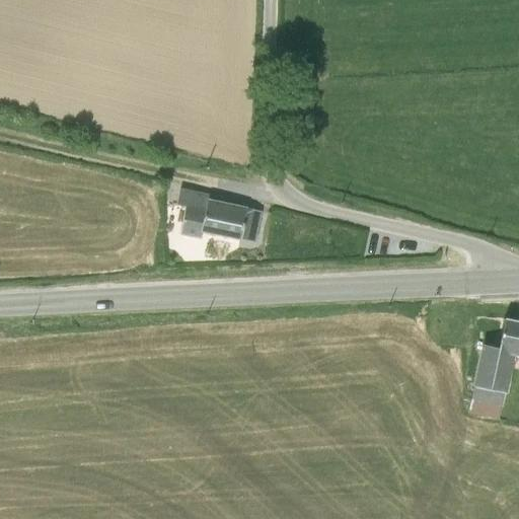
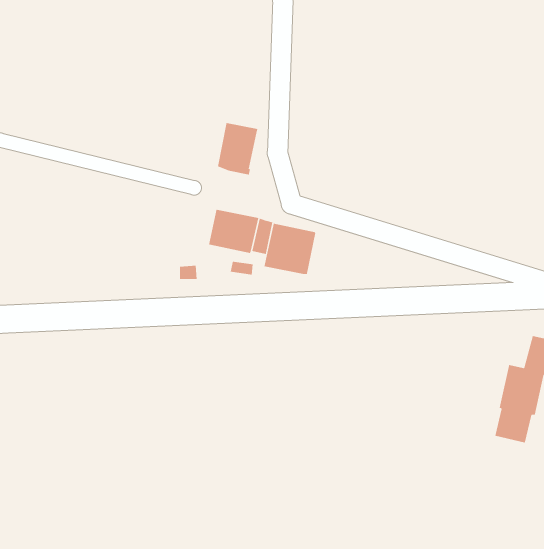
building: [172,189,211,238] -> [217,122,258,175]
building: none -> [264,223,316,275]

